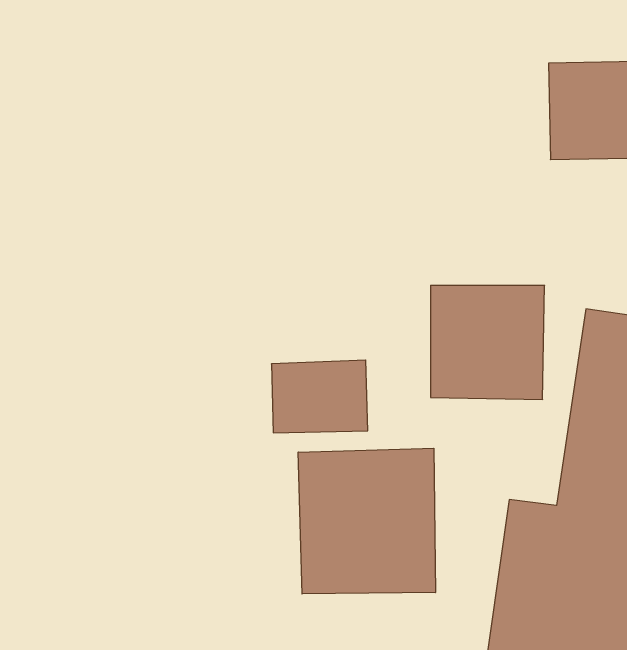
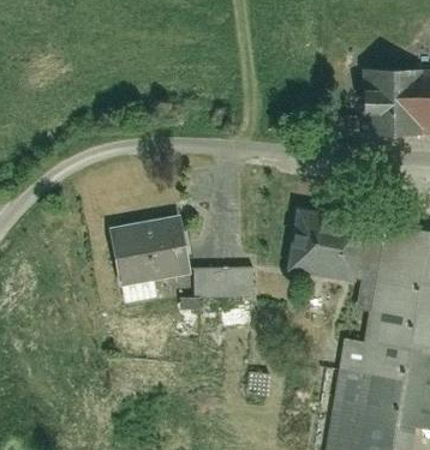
building: none -> [118,216,191,283]
building: [298,448,435,594] -> none

